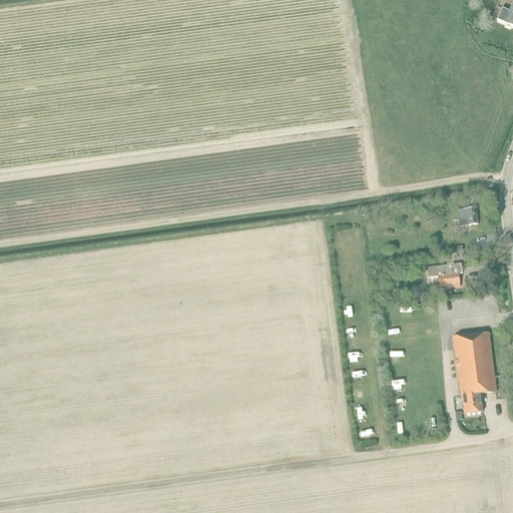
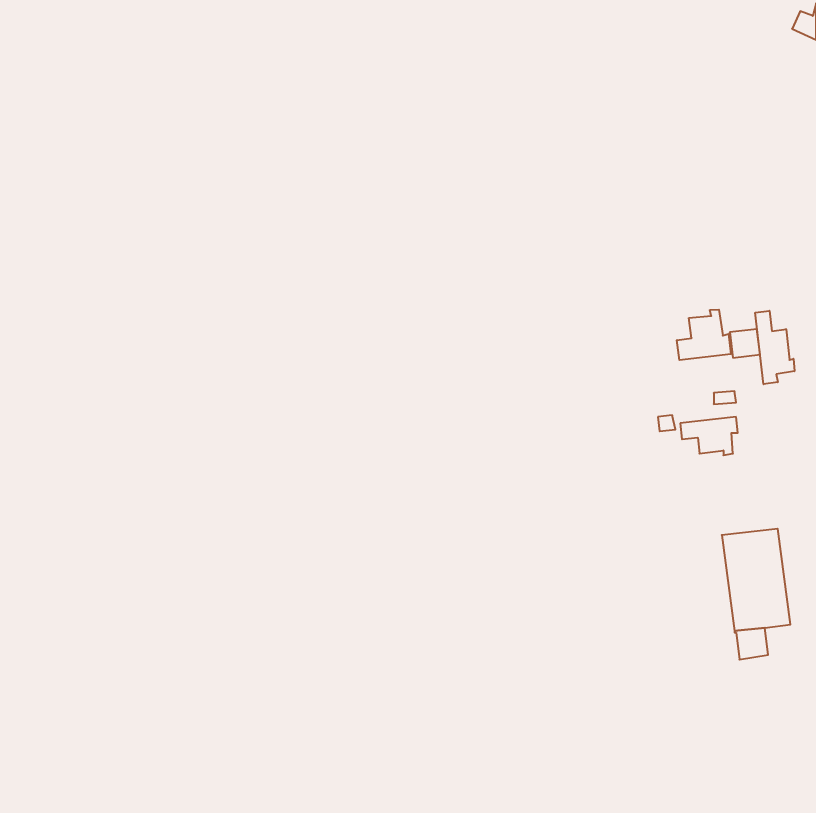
building: none -> [677,310,731,360]
building: none -> [755,311,794,384]

